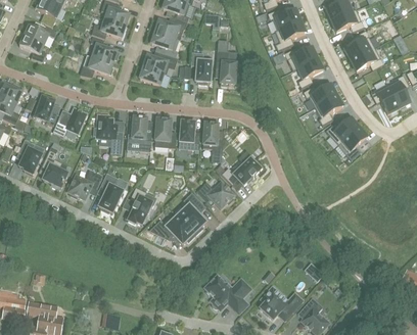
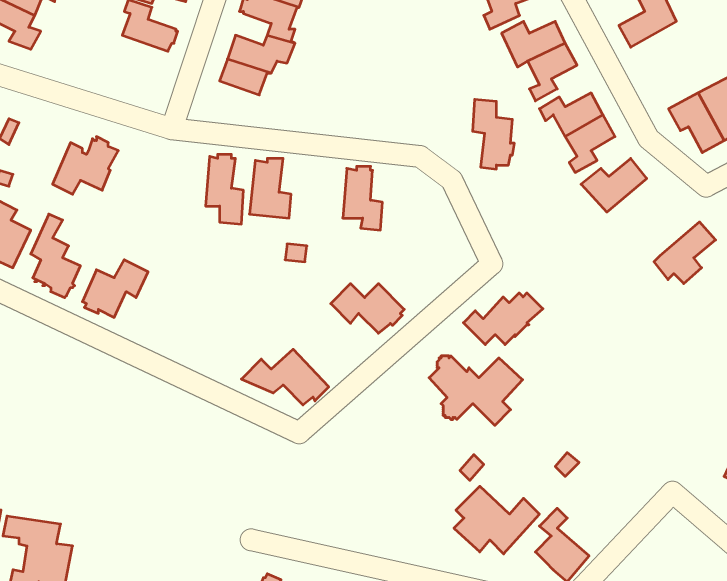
building: [351,46,383,70] -> none
building: [216,49,237,85] -> [473,99,514,169]
building: [191,51,212,83] -> none
building: [80,53,113,77] -> none
building: [32,95,57,124] -> none
building: [93,113,123,152] -> none
building: [180,119,199,148] -> none
building: [335,127,367,158] -> [654,222,716,284]
building: [222,157,263,184] -> [463,293,543,345]
building: [98,172,123,211] -> none
building: [128,186,152,223] -> none
building: [177,192,205,234] -> none
building: [205,275,253,310] -> [429,356,523,425]

